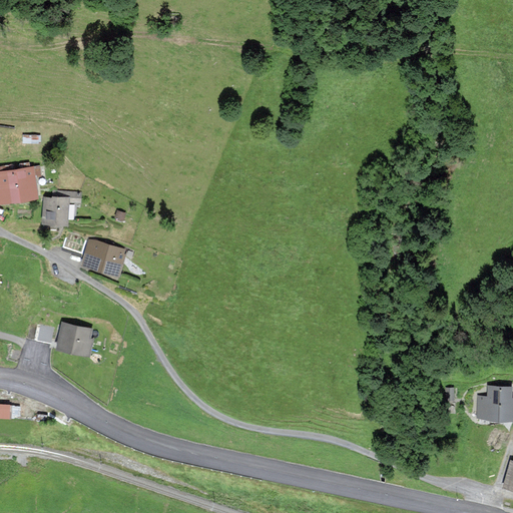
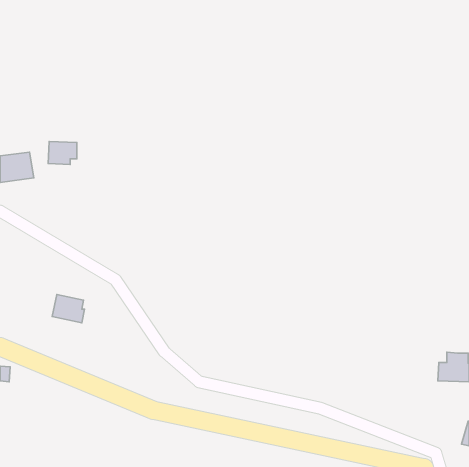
building: [43,198,74,223] -> [48,141,77,164]
building: [83,241,124,275] -> none

